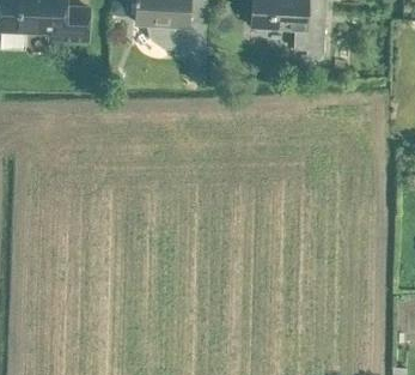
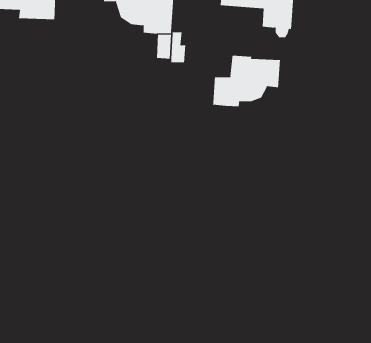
building: none -> [212,55,280,107]

